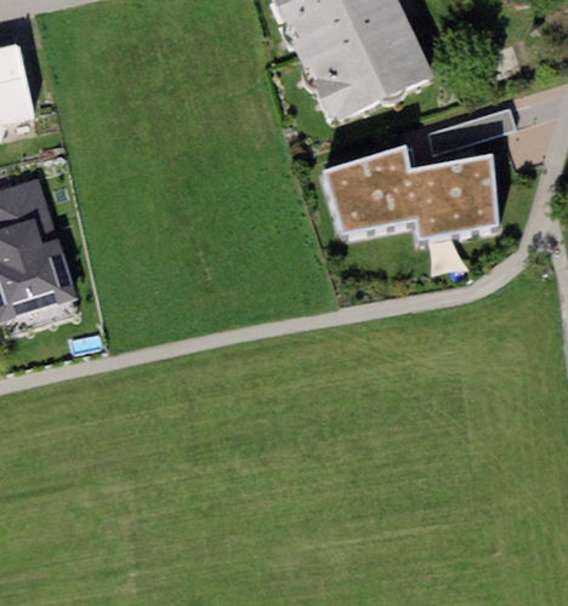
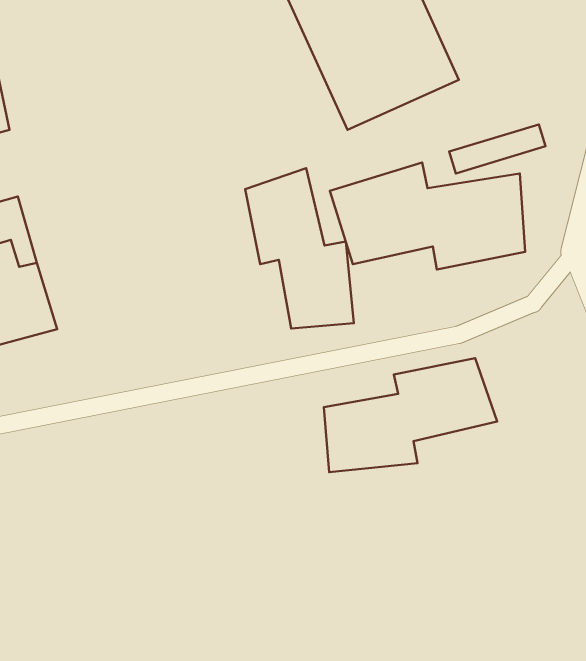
building: none -> [245,168,354,328]
building: none -> [324,358,497,472]

